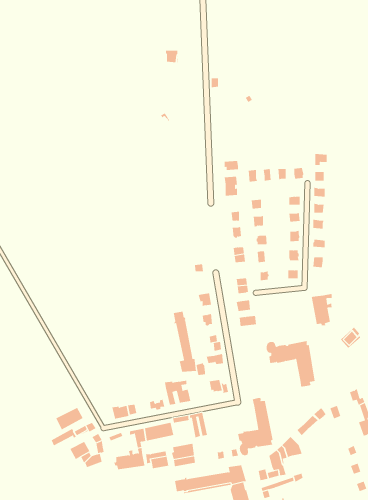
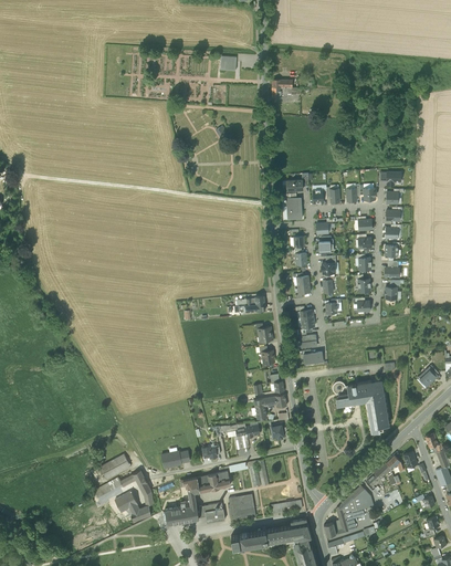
building: [311,293,332,326] -> none
building: [173,311,197,373] -> none
building: [238,397,273,456] -> none

